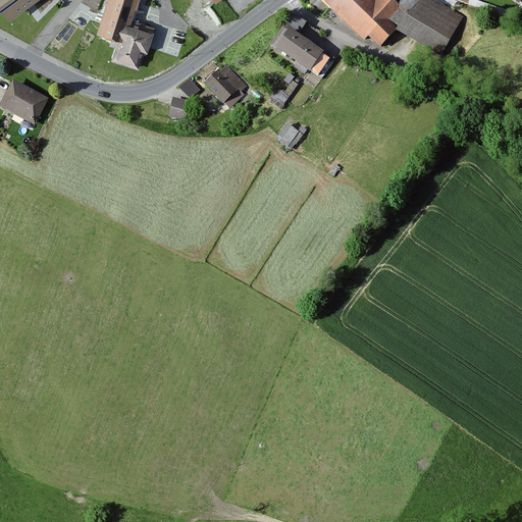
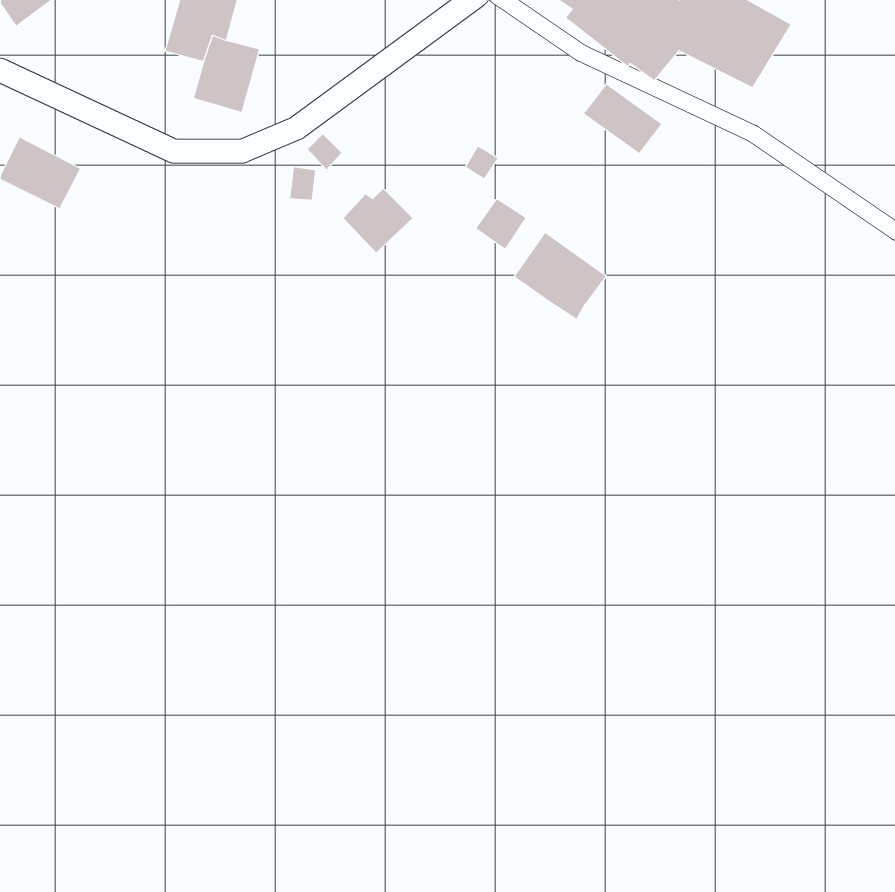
building: [276,29,322,69] -> [583,84,662,154]
building: [204,65,245,103] -> [343,188,413,253]
building: none -> [514,232,606,319]

